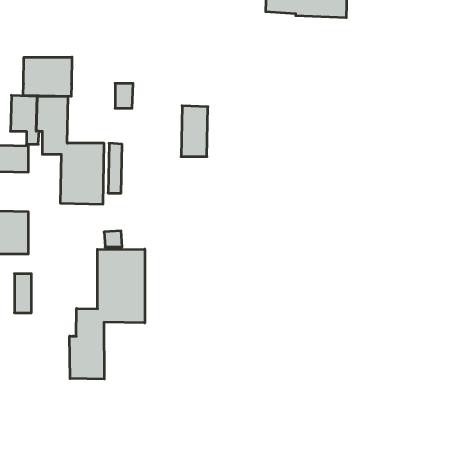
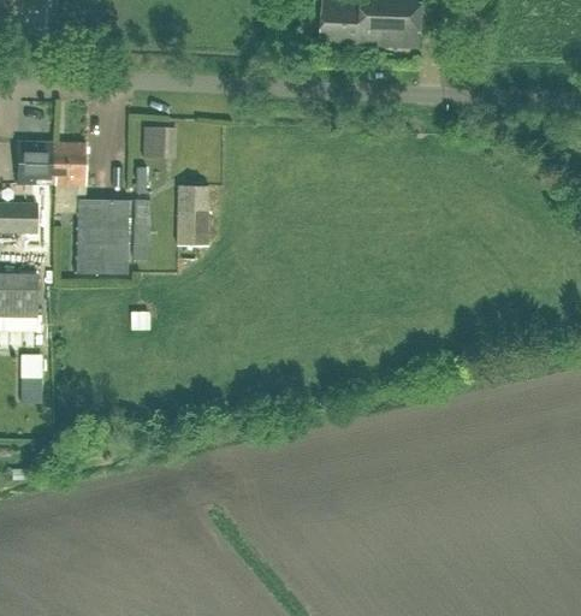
building: [23,57,72,96] -> none
building: [181,106,208,157] -> [177,184,209,245]
building: [70,249,145,379] -> none

